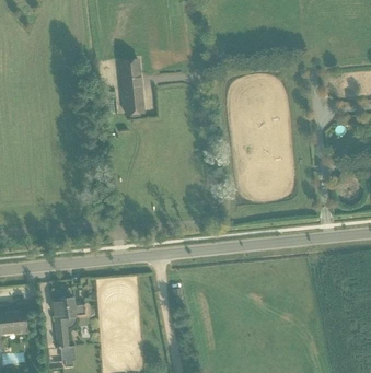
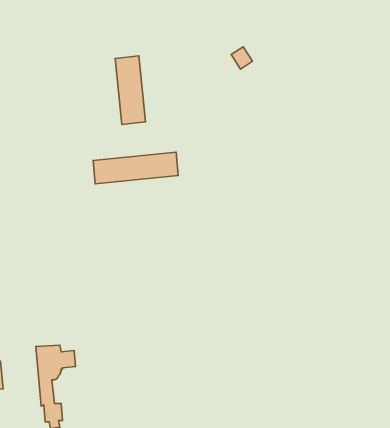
building: none -> [93,152,178,184]

